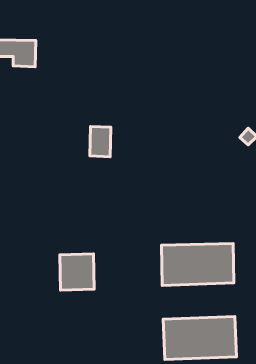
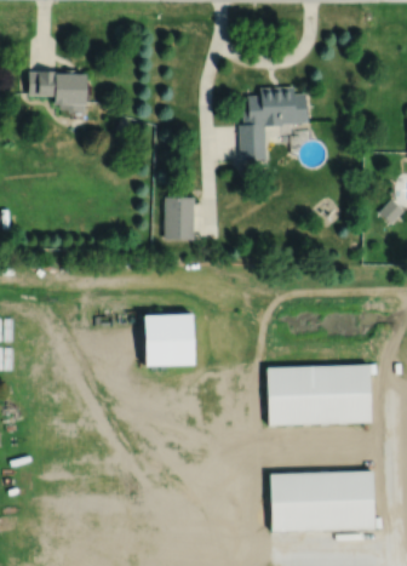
building: none -> [240,86,309,160]
building: [60,254,94,290] -> [144,314,194,366]

